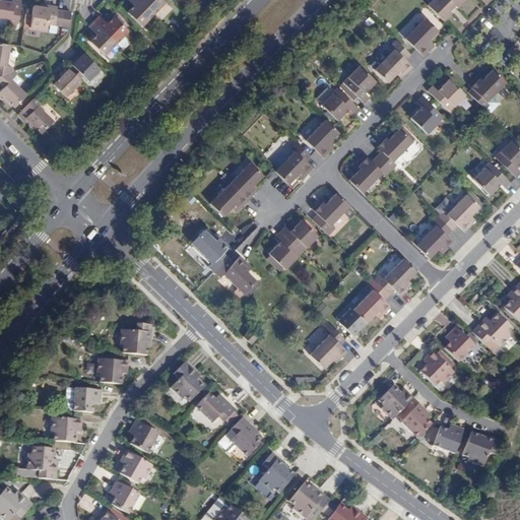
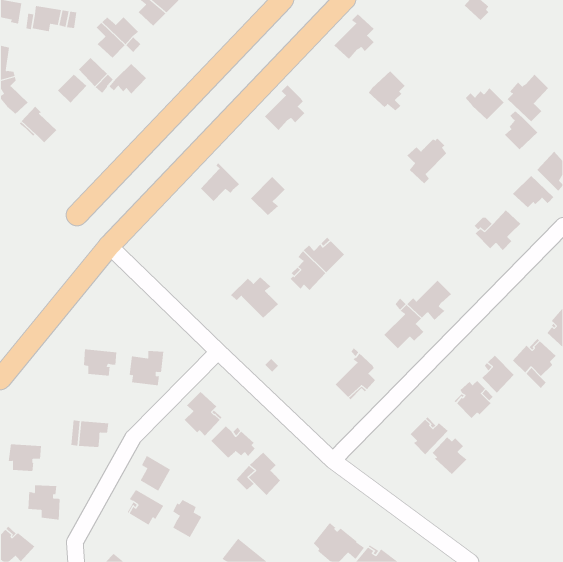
building: [405,17,439,55] -> none
building: [374,40,411,82] -> [334,14,374,60]
building: none -> [109,63,147,95]
building: [321,87,360,118] -> none
building: [412,96,444,133] -> [504,110,538,150]
building: [306,119,338,156] -> none
building: [275,141,313,184] -> [264,84,305,131]
building: [348,154,391,192] -> none
building: [210,179,247,215] -> [200,162,240,202]
building: [312,192,349,235] -> none
building: [416,215,453,258] -> none
building: [191,229,230,272] -> none
building: [337,307,367,335] -> none
building: [95,359,127,384] -> [83,349,117,376]
building: [50,416,81,442] -> [8,444,42,471]
building: [428,425,463,454] -> none
building: [462,432,501,466] -> none
building: [258,452,294,493] -> none
building: [111,478,138,514] -> [172,499,202,538]

